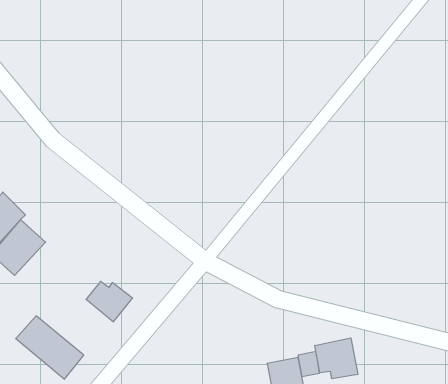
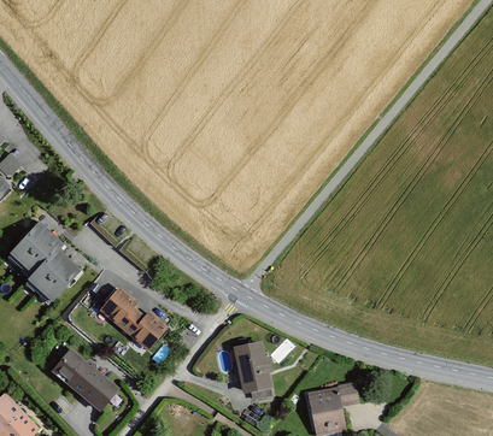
building: none -> [98,285,139,330]
building: none -> [233,340,272,393]
building: [315,338,358,379] -> none

